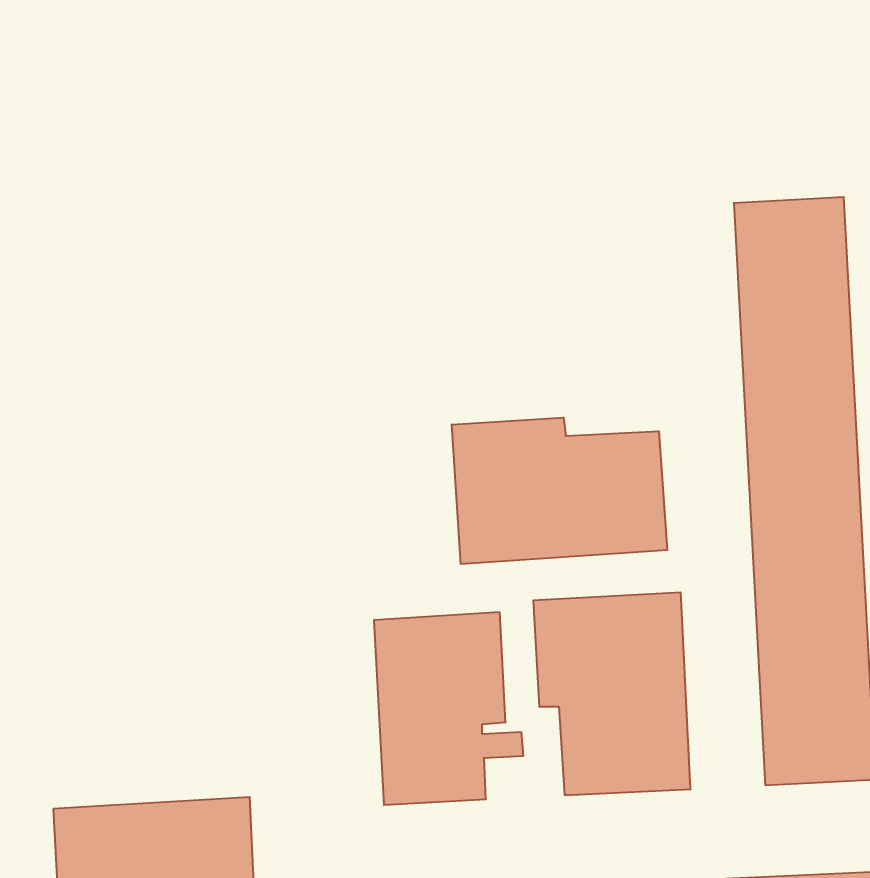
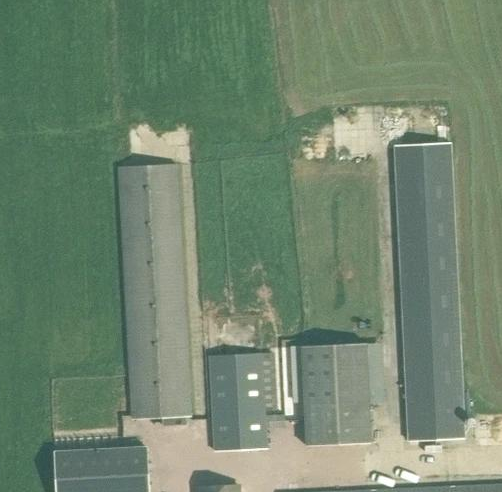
building: none -> [118,165,189,426]
building: [452,417,667,564] -> none

